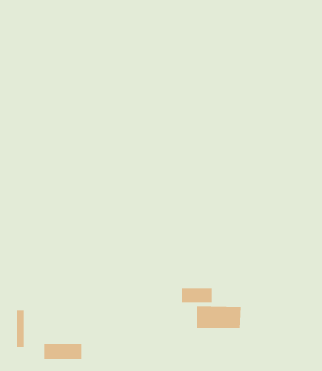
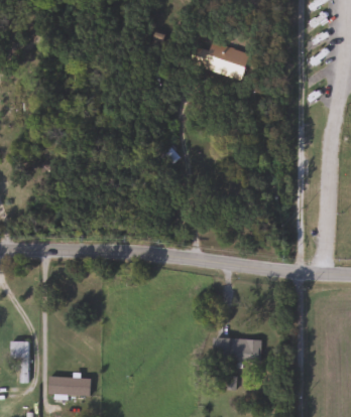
building: none -> [202,40,249,80]
building: [182,288,212,303] -> none

